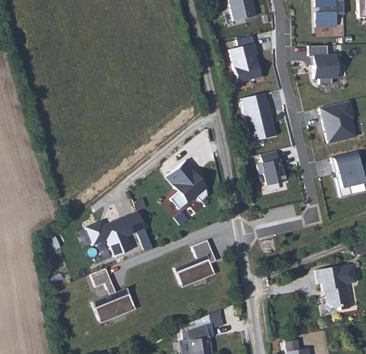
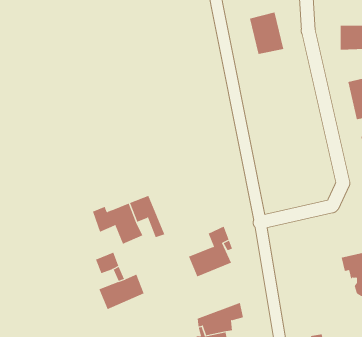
building: [242,93,277,141] -> none
building: [258,151,287,185] -> none
building: [167,160,208,210] -> none

